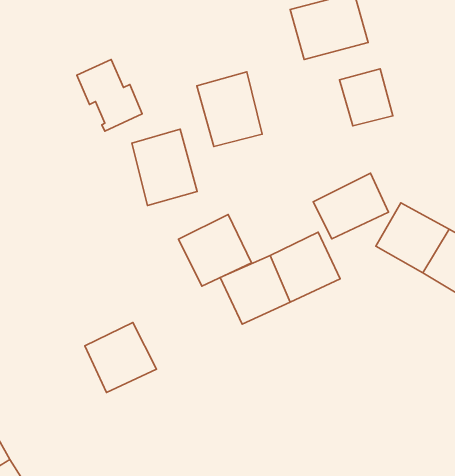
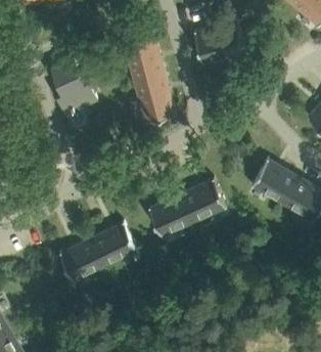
building: [339,69,393,126] -> none
building: [132,129,197,205] -> [123,33,166,83]
building: [313,173,389,239] -> none
building: [178,214,252,286] -> [91,222,139,269]

